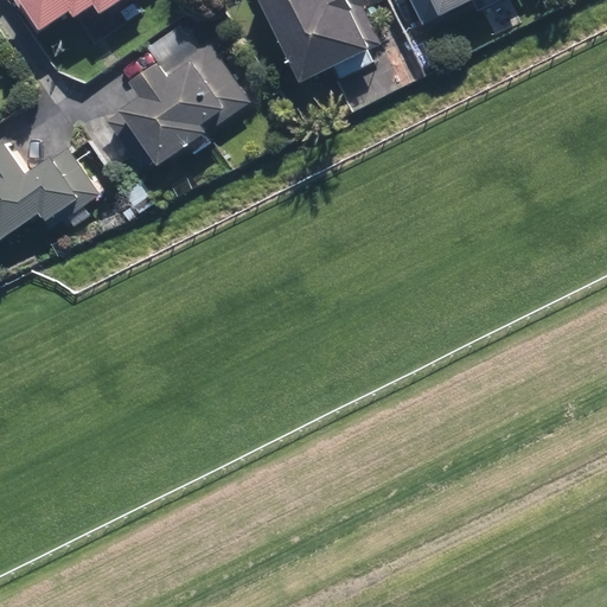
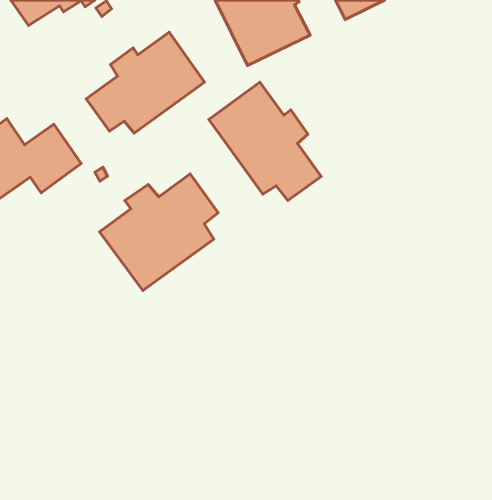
building: none -> [209,82,321,201]
building: none -> [99,174,218,291]

